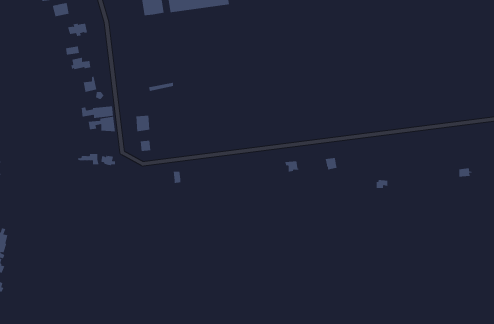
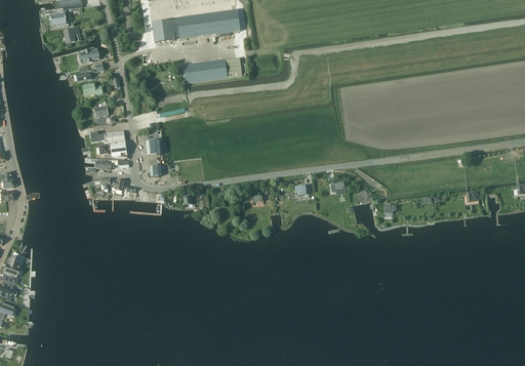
building: none -> [184,58,228,82]

